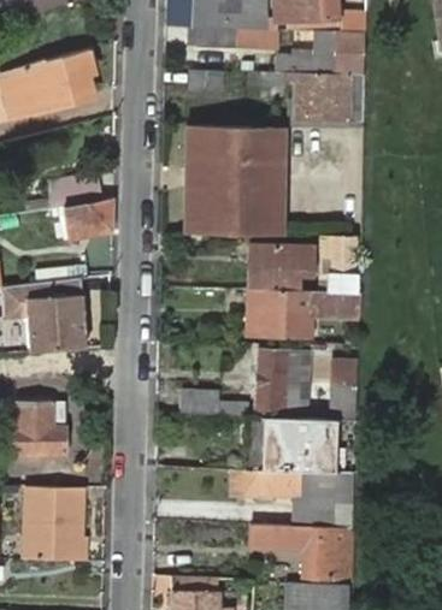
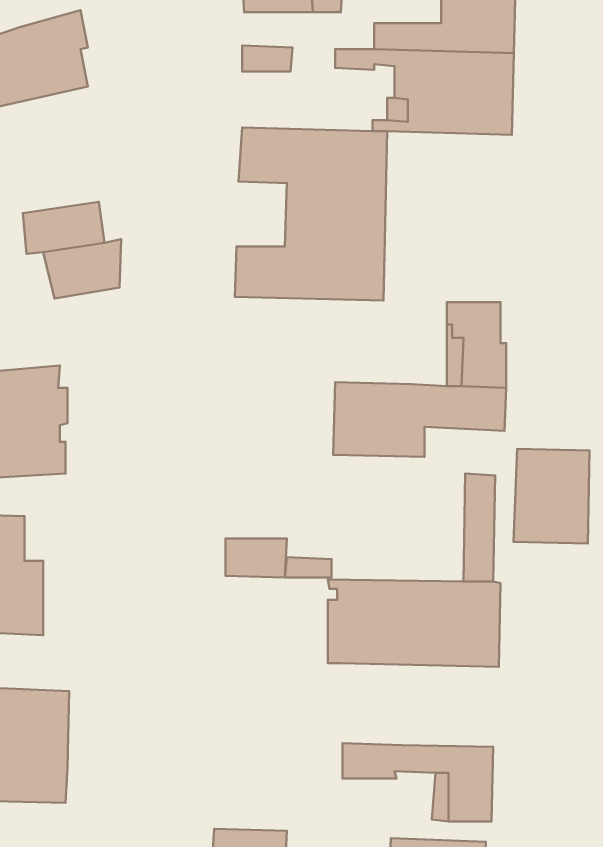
building: [188,160,220,202] -> none
building: [249,248,317,291] -> none
building: [258,350,307,411] -> [513,449,590,544]
building: [230,472,358,526] -> none

